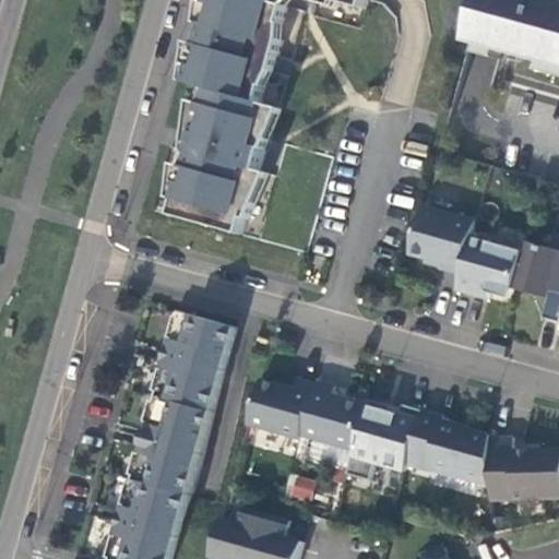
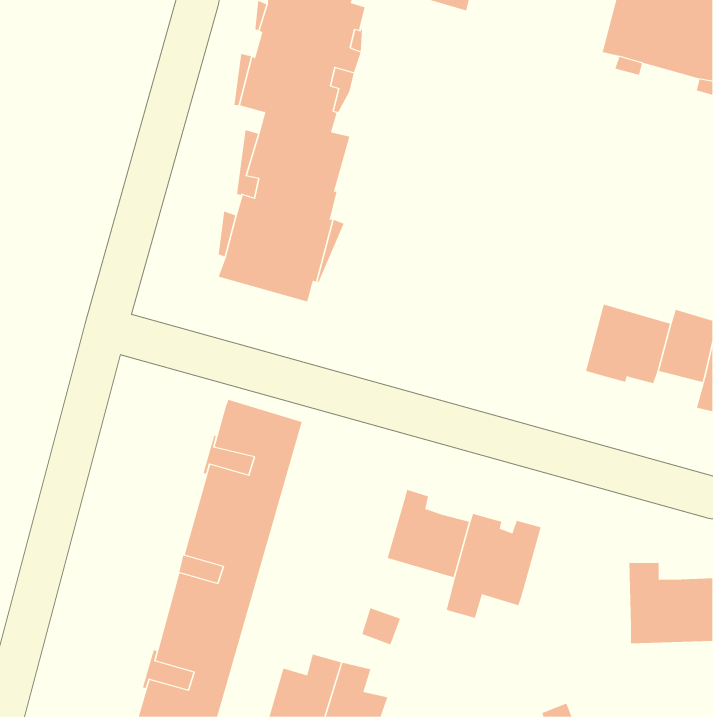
building: [407,206,473,273] -> none
building: [247,379,314,438] -> none
building: [405,409,489,486] -> none

